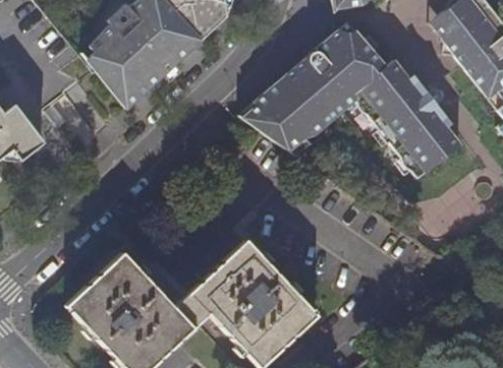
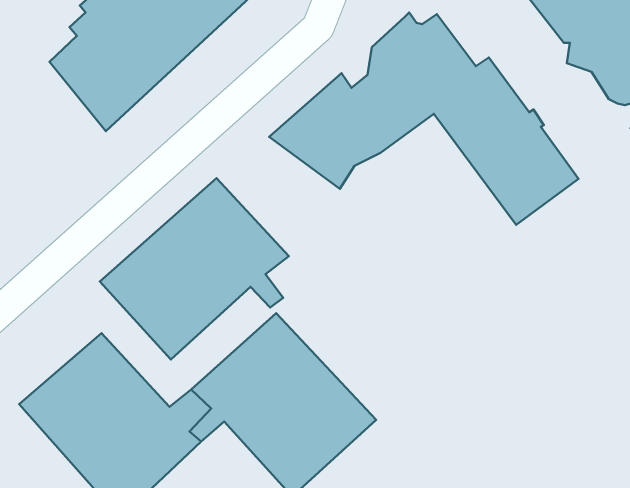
building: none -> [100,178,289,360]

